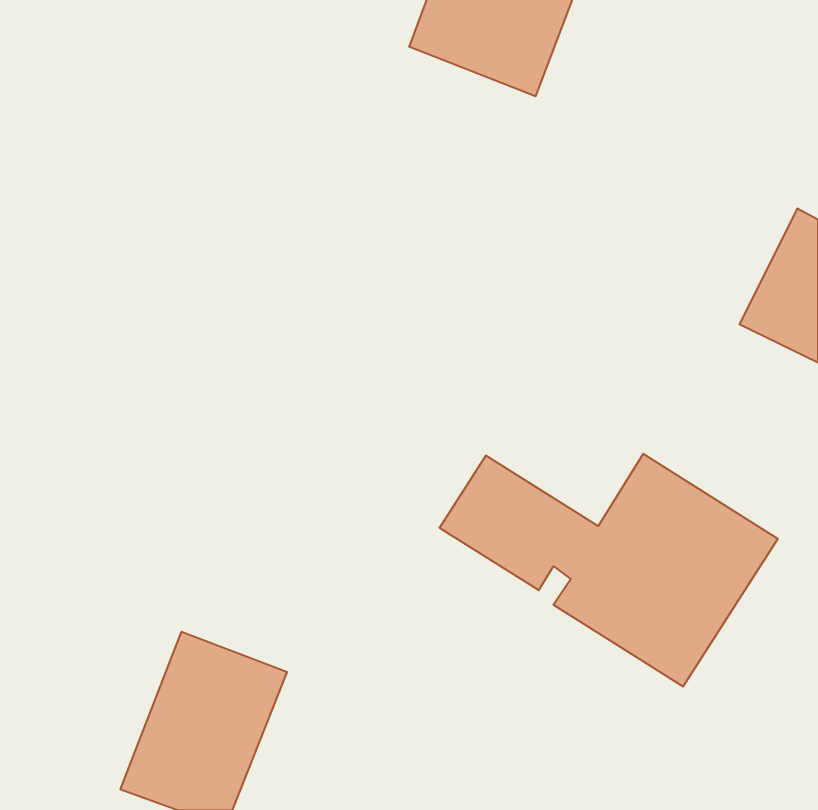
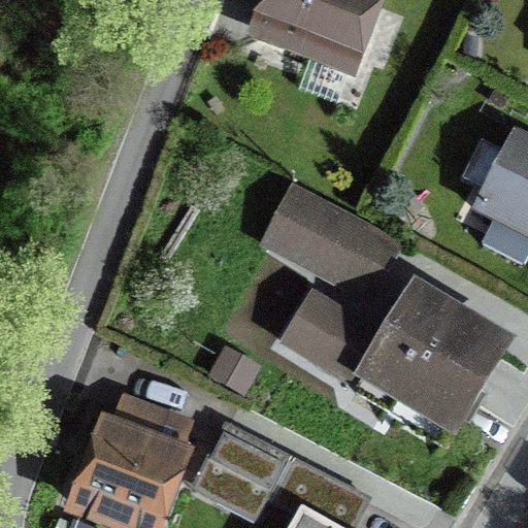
building: none -> [279,190,394,292]
building: none -> [204,422,287,497]

